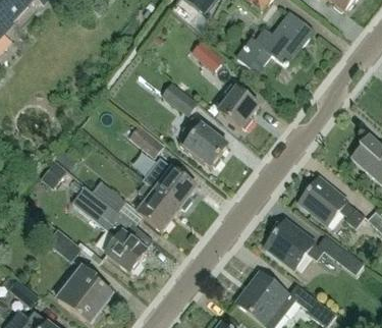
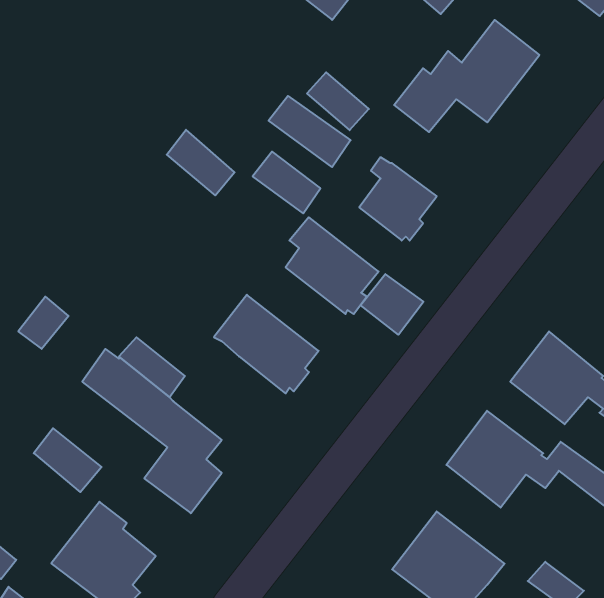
building: none -> [269,96,351,167]
building: [129,123,165,158] -> [167,130,235,195]
building: none -> [360,274,423,335]
building: [137,181,179,231] -> none

